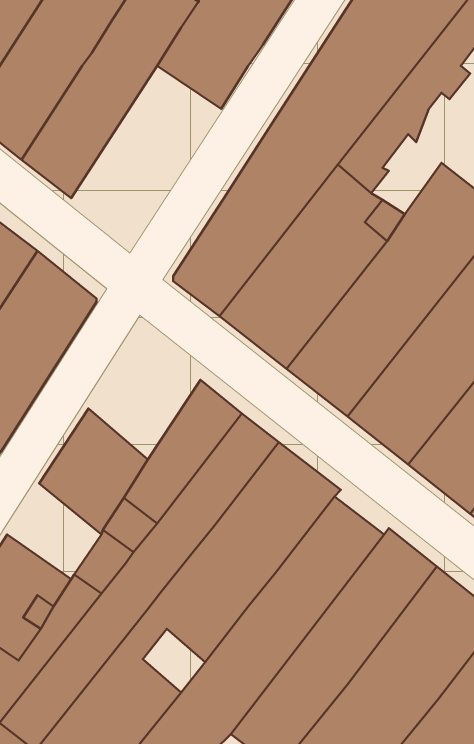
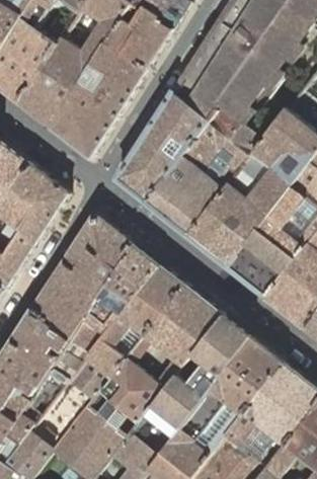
building: none -> [51,44,146,158]
building: none -> [62,214,133,294]
building: none -> [10,309,70,370]
building: none -> [96,401,136,442]

